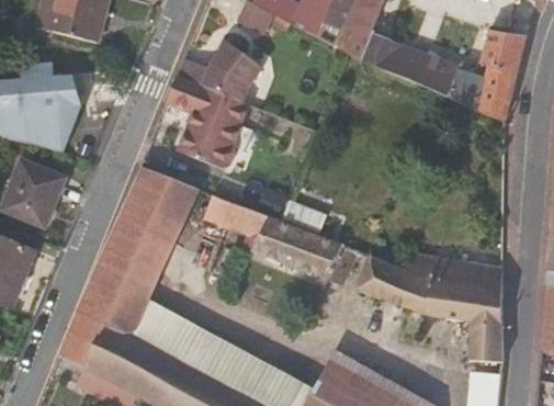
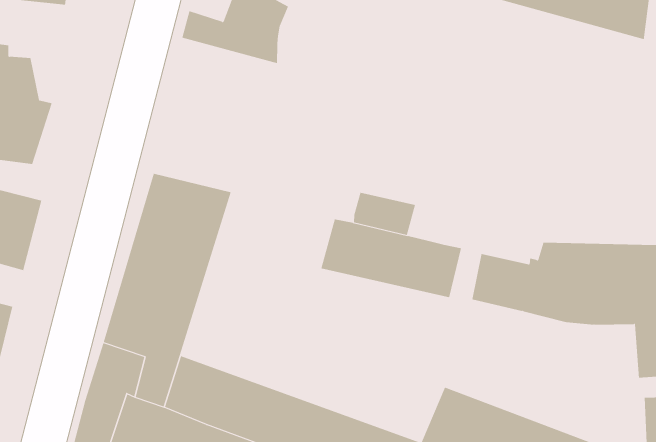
building: [166,75,247,166] -> none
building: [205,195,268,251] -> none

